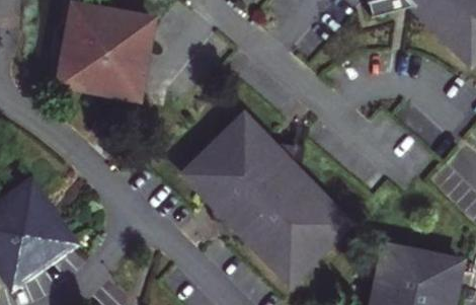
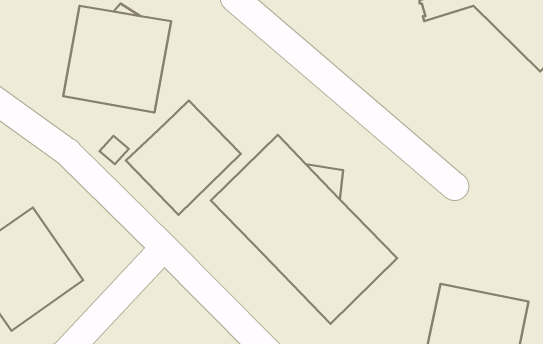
building: none -> [126,101,241,215]

